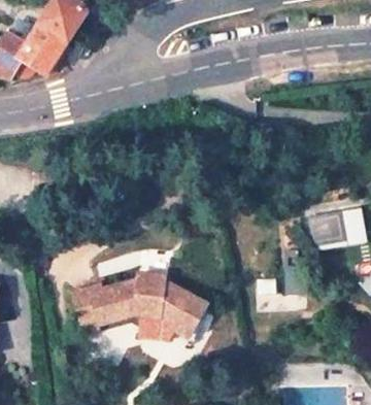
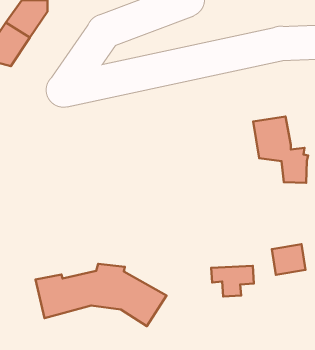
building: none -> [253,117,308,183]
building: [321,207,356,239] -> [272,244,306,275]

